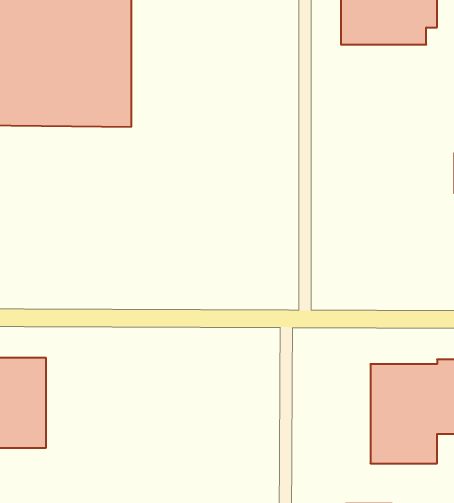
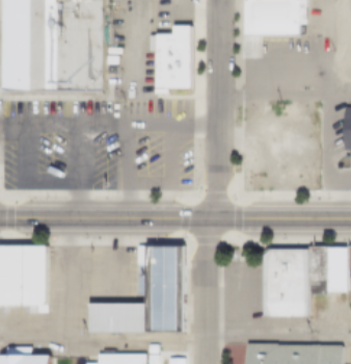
building: none -> [155,25,191,94]
building: none -> [89,245,188,332]

